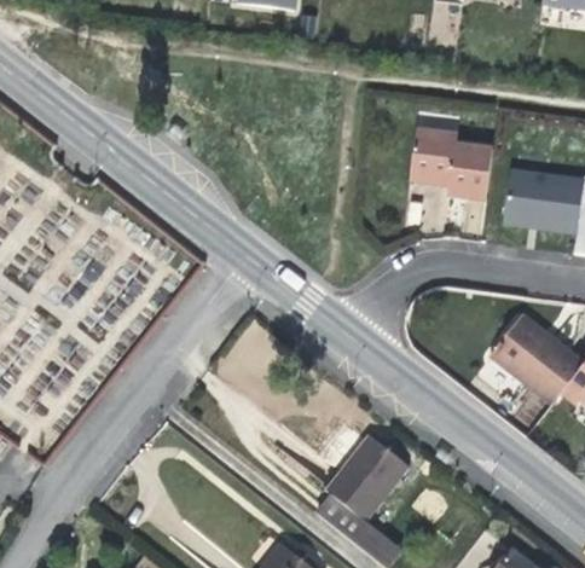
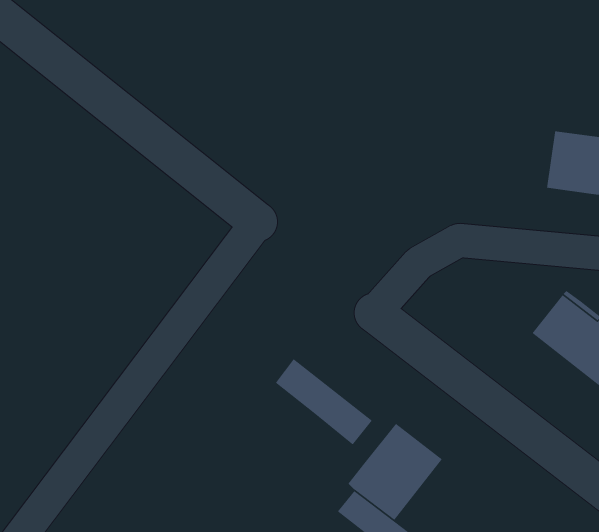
building: [410,128,493,198] -> none
building: none -> [275,358,373,445]

